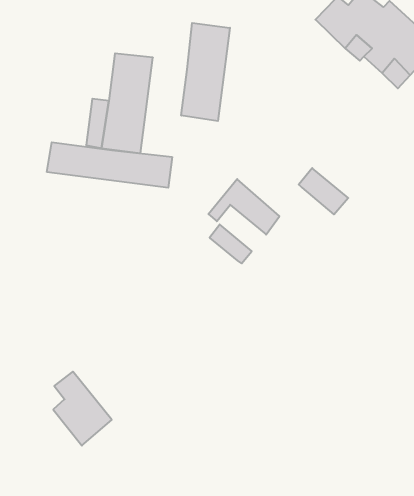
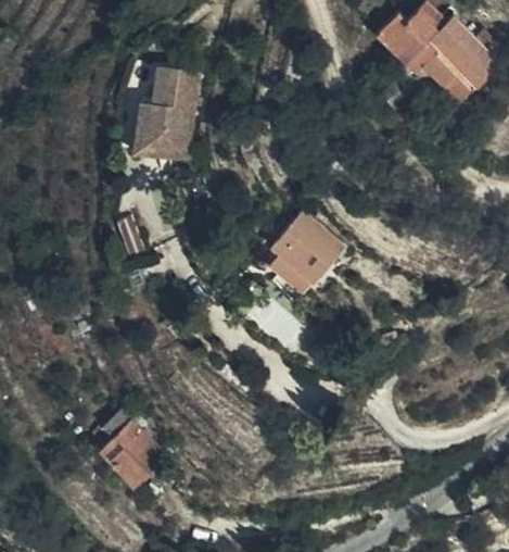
building: [181,23,230,121] -> none
building: [47,142,172,188] -> none
building: [299,168,348,214] -> [269,228,321,277]

